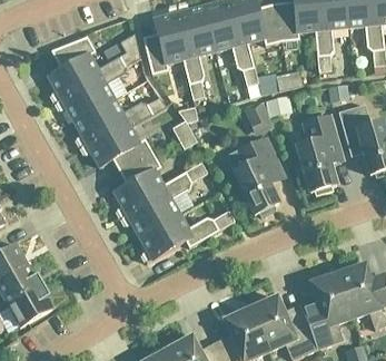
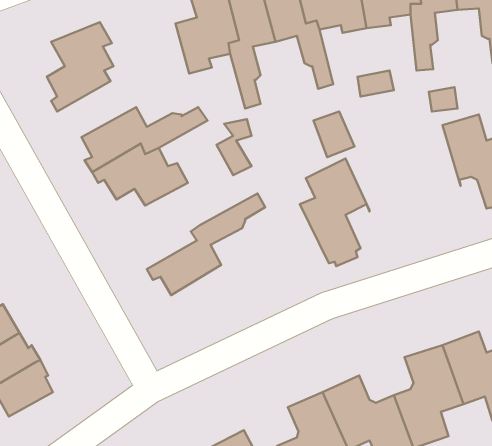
building: [56,35,141,120] -> none
building: [297,115,342,194] -> none
building: [113,154,160,217] -> none
building: [139,209,235,262] -> none

